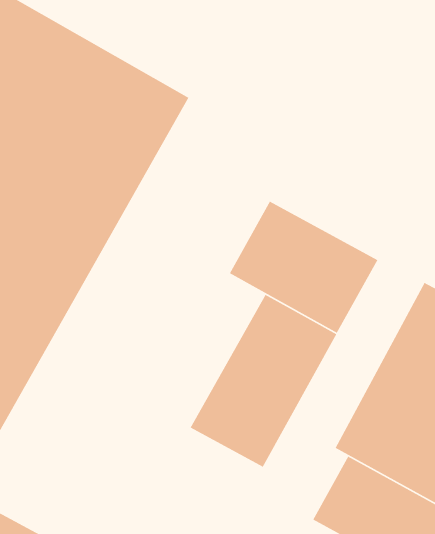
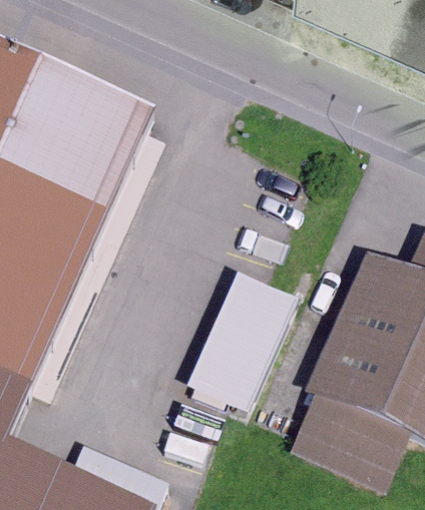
building: [229,201,379,334] -> none

